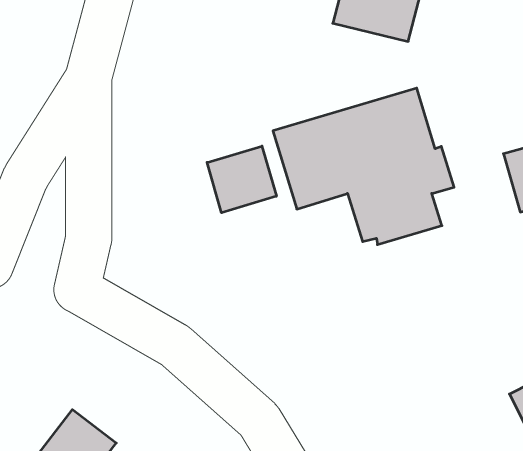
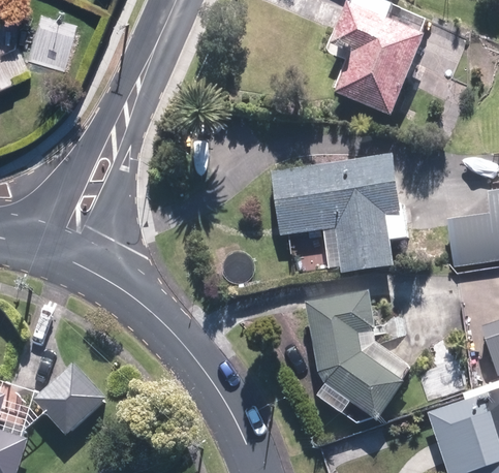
building: [207,146,276,213] -> none
building: none -> [304,289,402,420]

